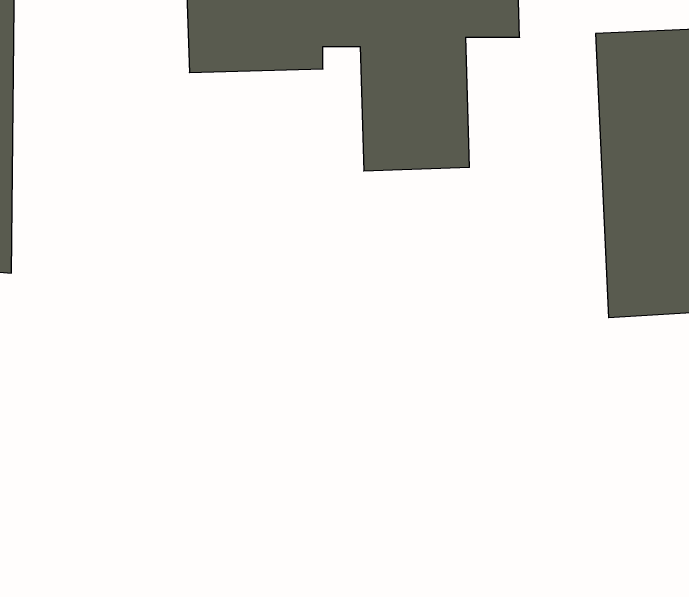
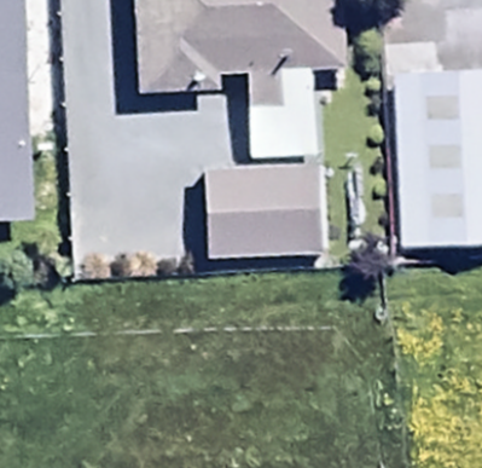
building: none -> [201,158,330,258]

